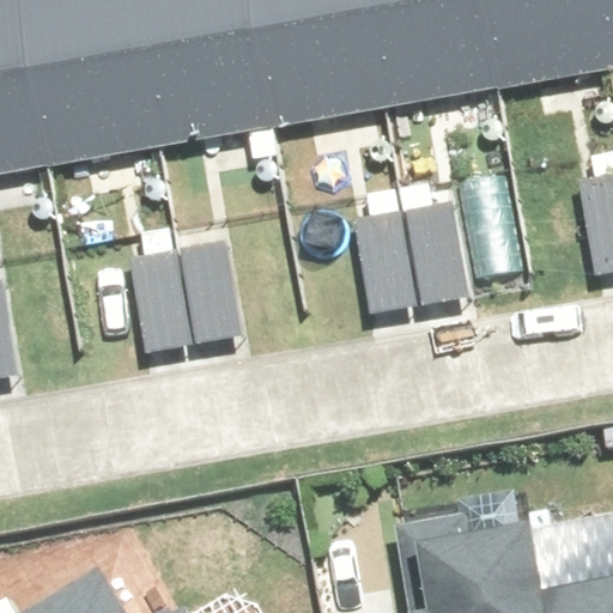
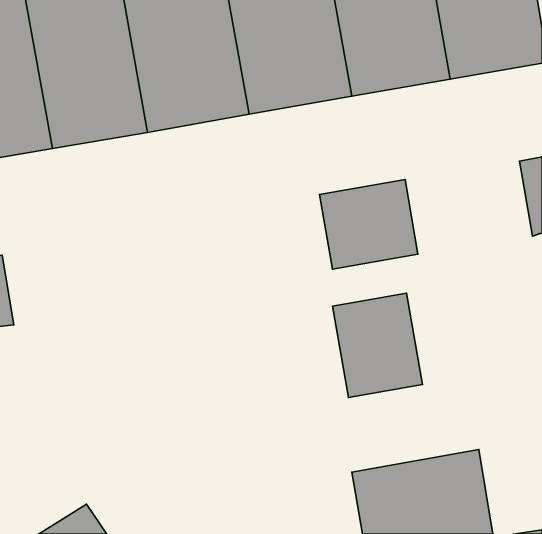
building: [129,242,242,341] -> none
building: none -> [332,293,423,398]

